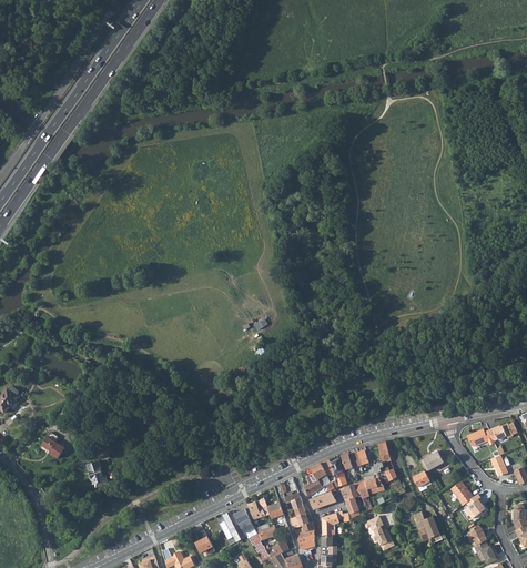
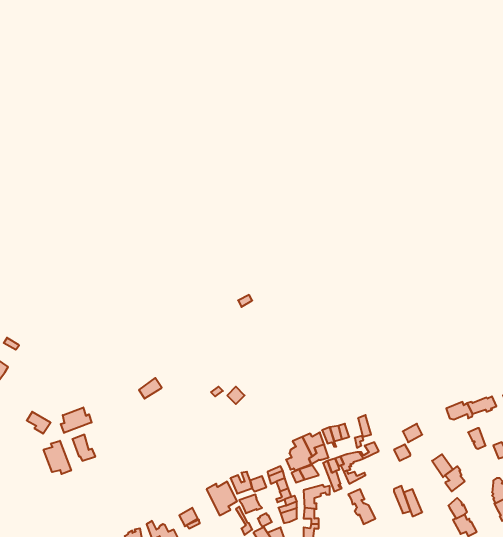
building: none -> [61,407,92,433]
building: none -> [44,441,71,474]

